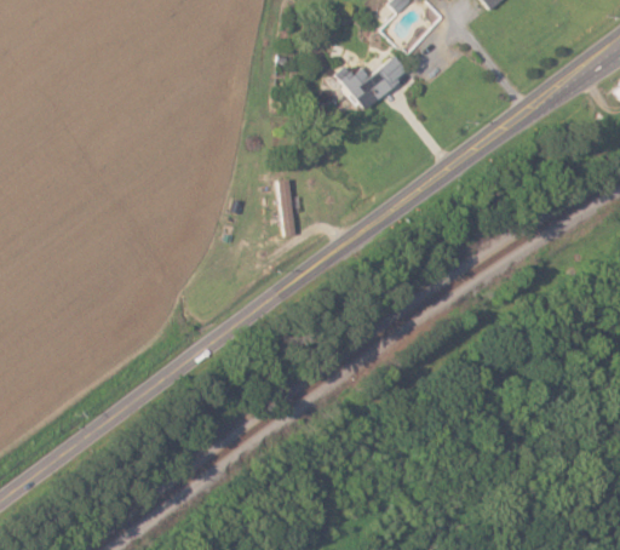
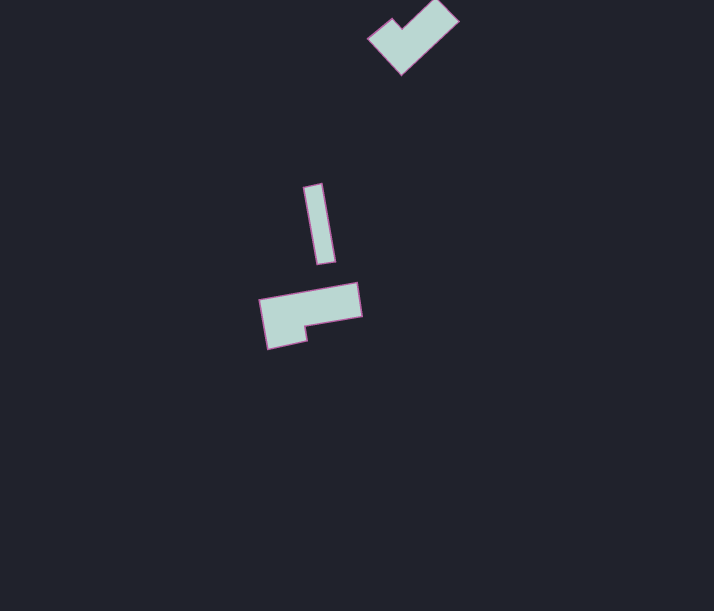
building: none -> [259,283,362,350]

